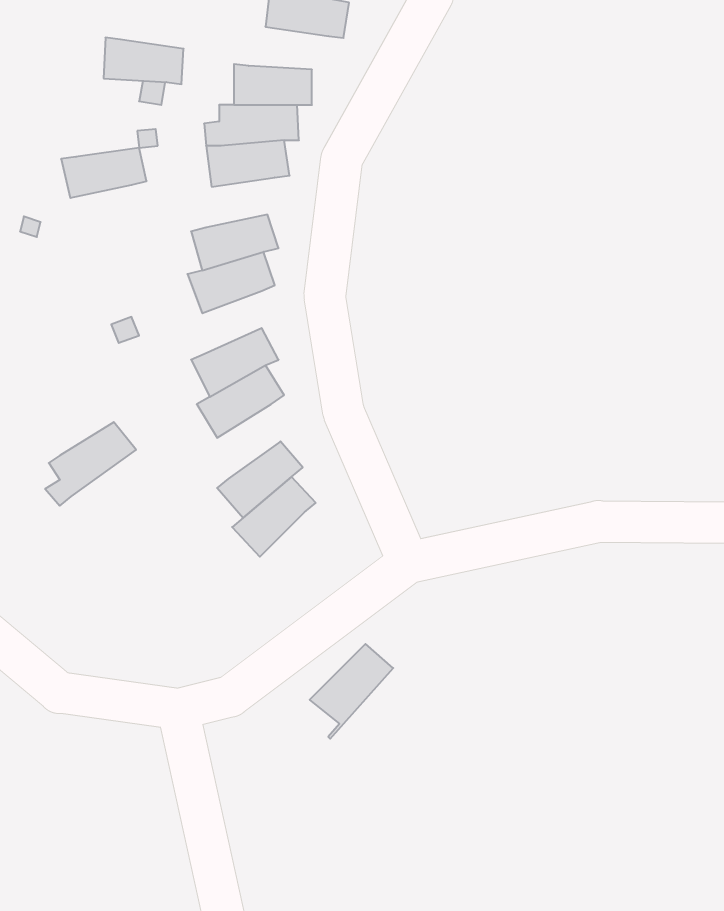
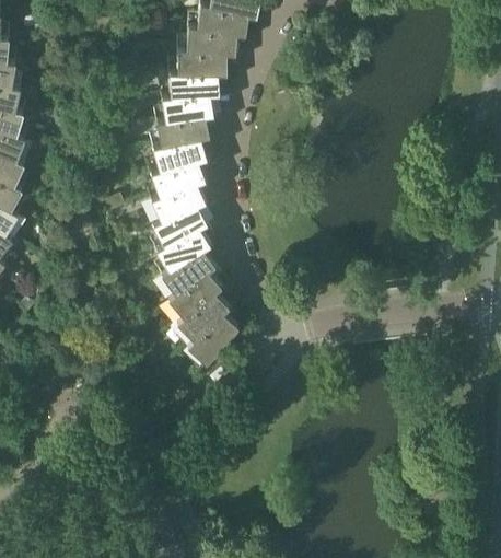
building: [104,38,184,84] -> [188,26,235,54]
building: [61,148,147,198] -> [158,116,208,146]
building: none -> [152,183,205,220]
building: [45,422,136,506] -> [161,249,214,299]
building: [310,644,393,739] -> [188,313,237,369]

